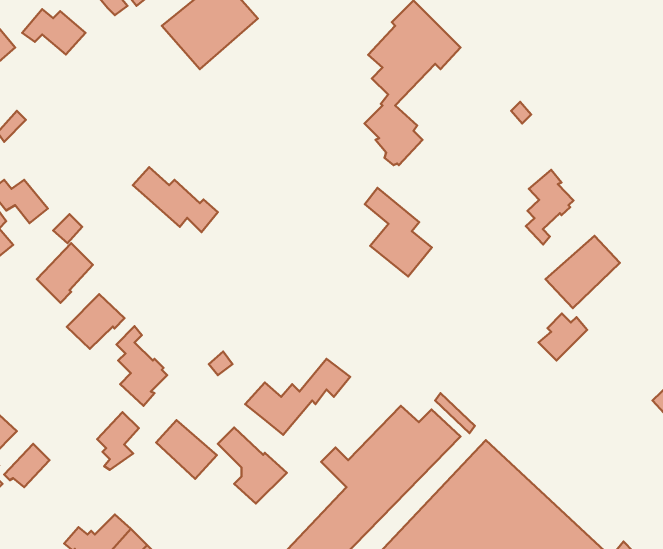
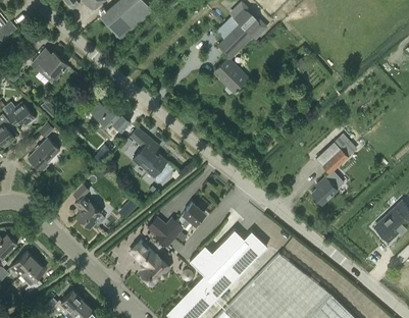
building: [22,9,86,54] -> [31,52,66,77]
building: [526,170,573,245] -> none
building: [365,188,432,276] -> [129,127,166,177]
building: [67,294,124,349] -> none
building: [97,412,139,470] -> [20,261,44,294]
building: [156,420,217,479] -> none

